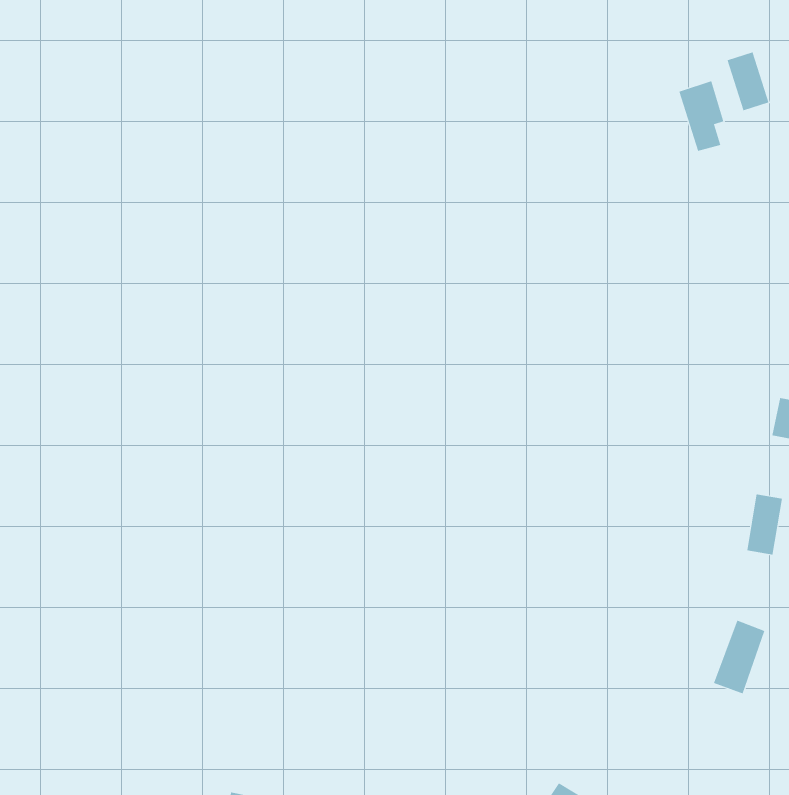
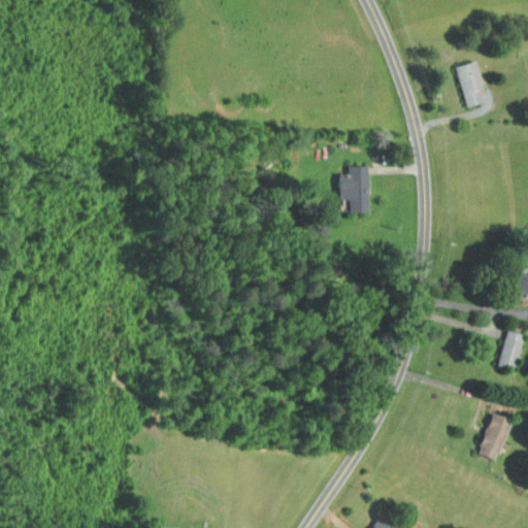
building: [727,51,769,111] -> none
building: none -> [339,165,369,211]

